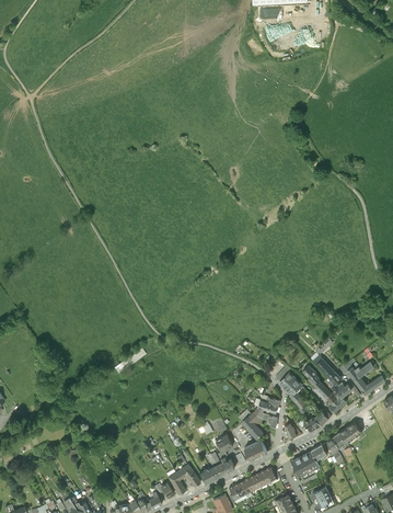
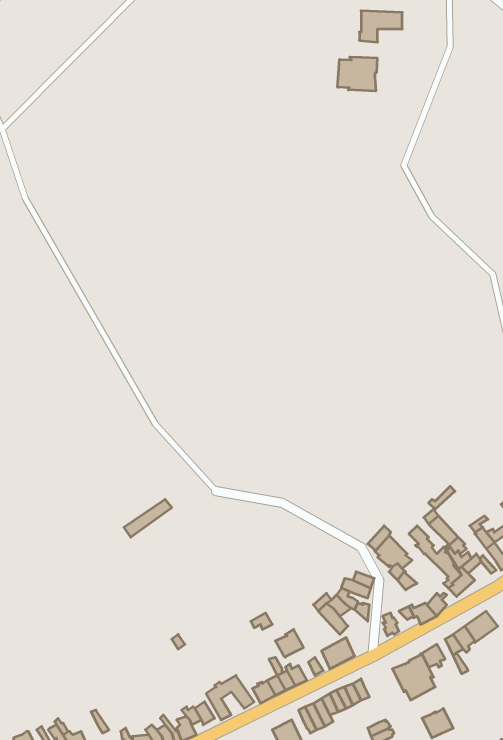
building: none -> [338,57,377,91]

